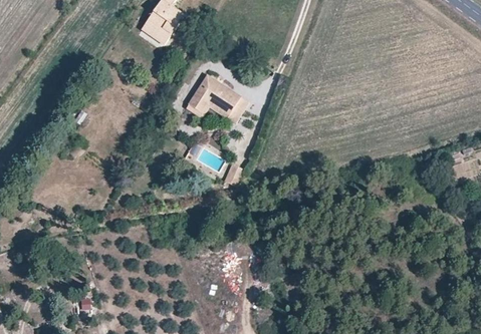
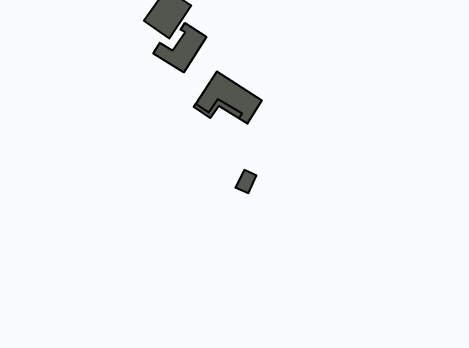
building: none -> [153,23,206,72]

